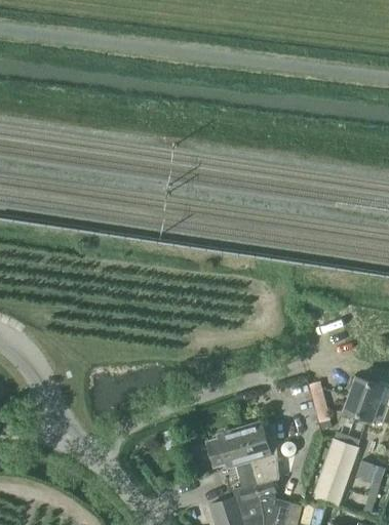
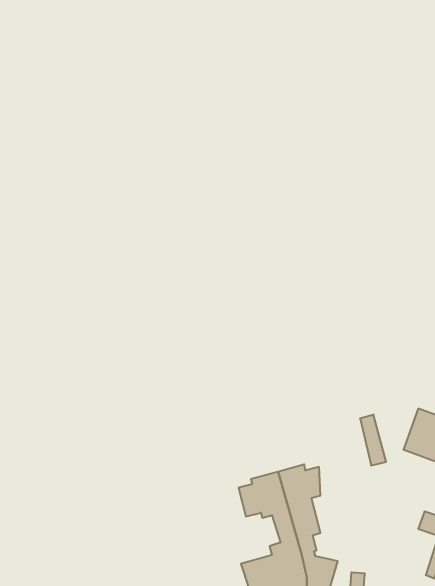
building: [314,440,356,504] -> none

